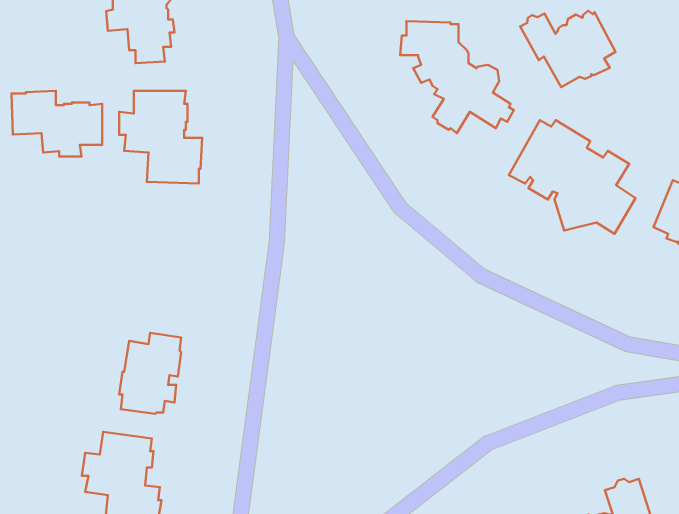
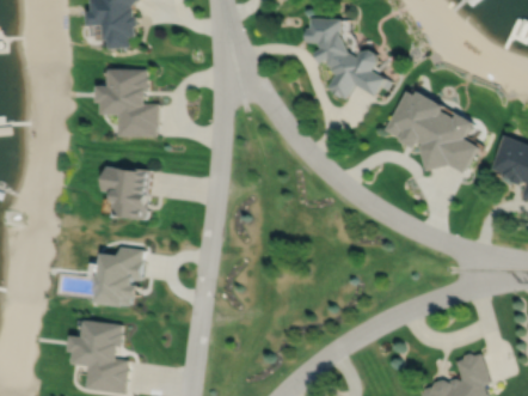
building: [520,11,616,87] -> none
building: [11,91,102,156] -> none
building: none -> [103,165,151,220]

